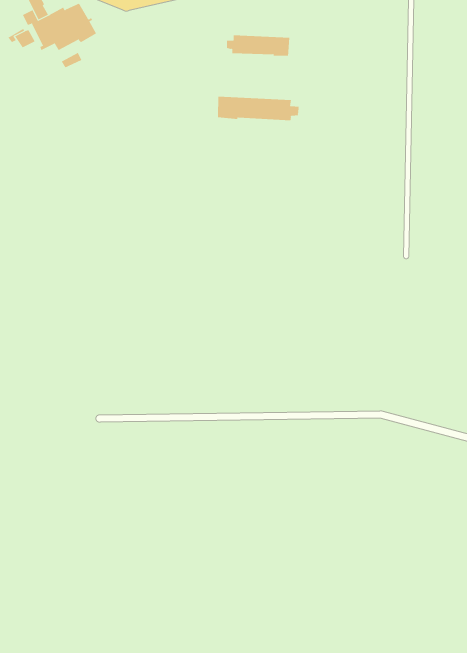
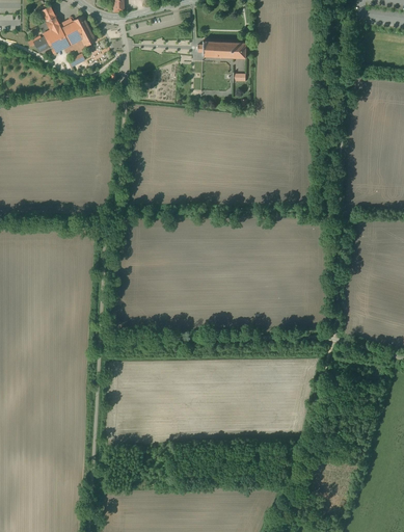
building: [217,96,299,121] -> none

